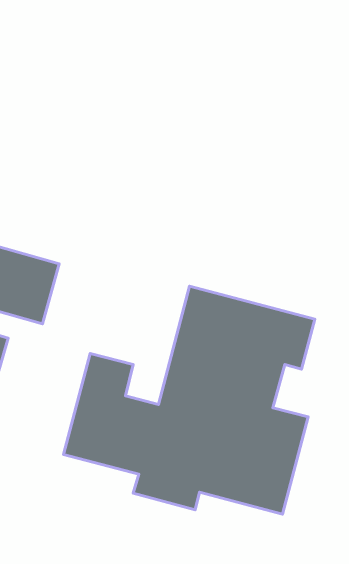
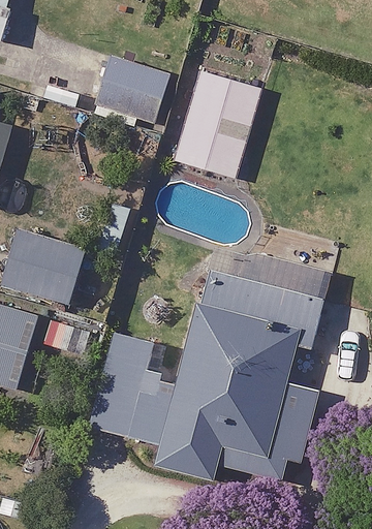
building: none -> [95,59,167,125]
building: none -> [177,71,261,178]

